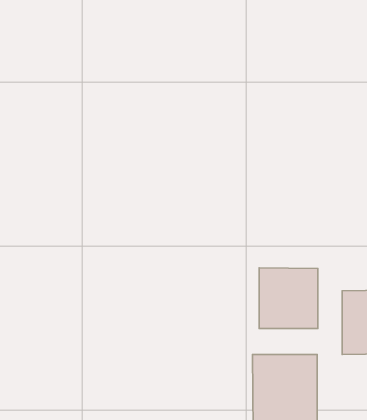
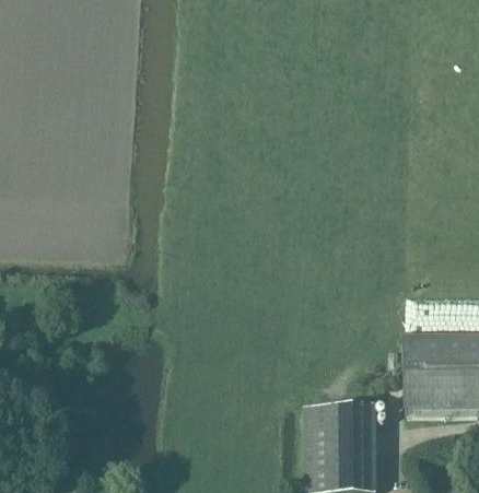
building: [259,268,318,329] -> none

